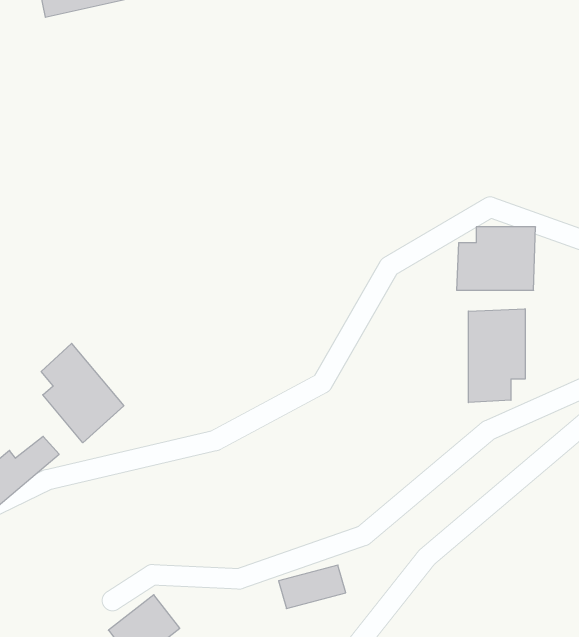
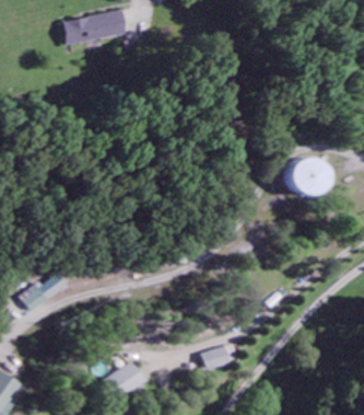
building: [468,309,525,403] -> none
building: [41,343,124,443] -> none

